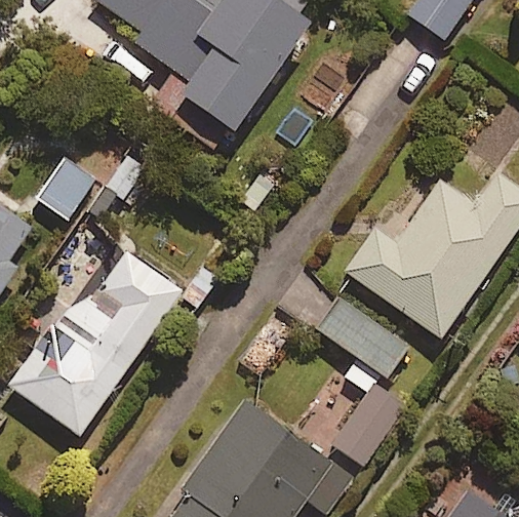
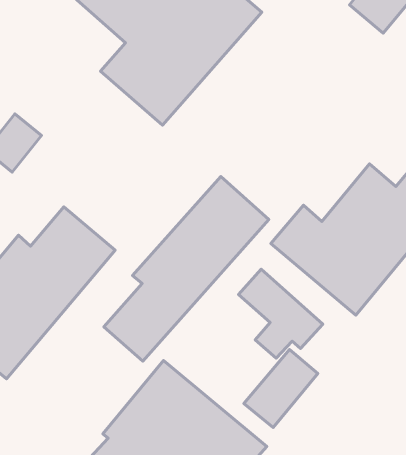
building: none -> [104,176,269,361]

